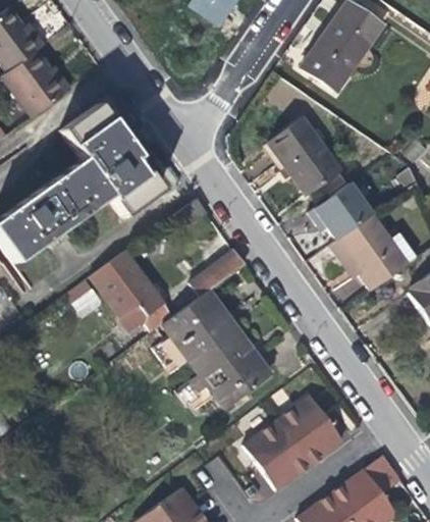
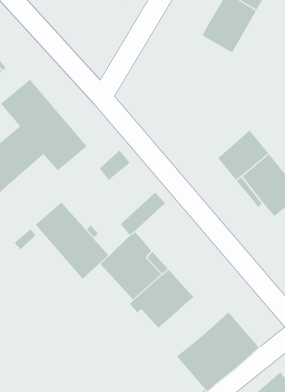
building: [270,118,340,195] -> none

